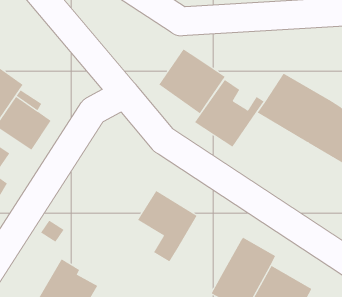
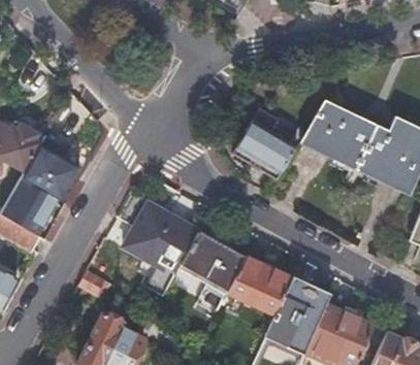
building: [158,49,226,114] -> none
building: none -> [123,194,198,273]
building: none -> [226,255,292,314]

